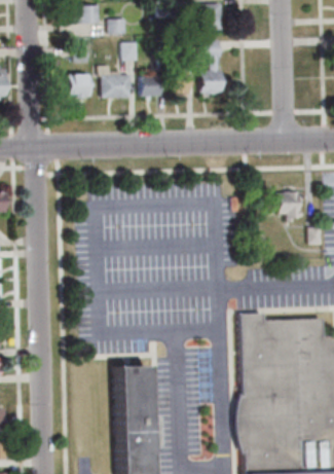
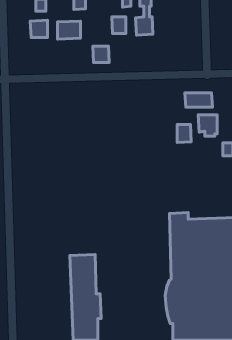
building: [140,74,160,95] -> [93,46,109,63]
building: none -> [185,93,212,107]
building: none -> [177,124,191,143]

